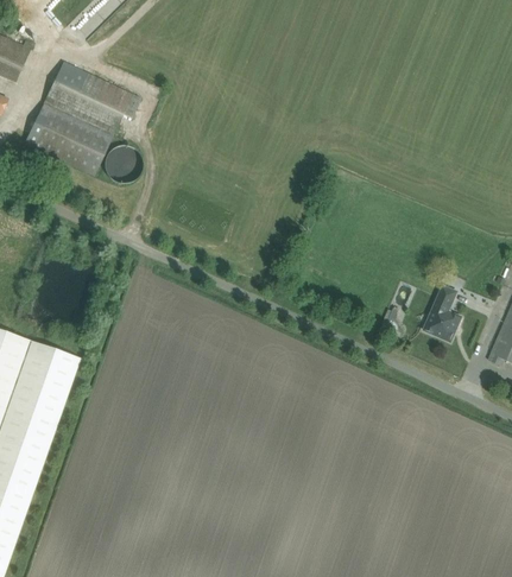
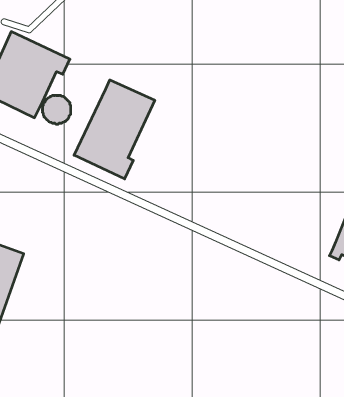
building: none -> [74,80,155,179]
building: [424,284,462,340] -> none

